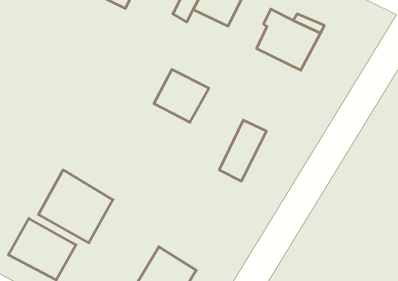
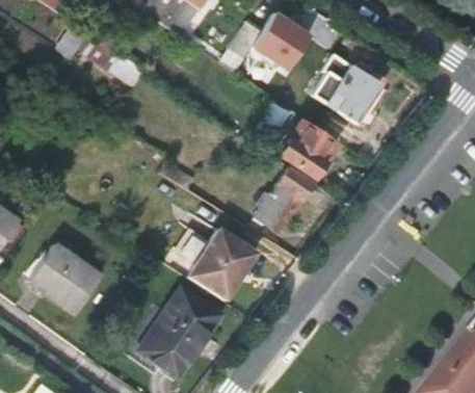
building: [154,70,209,122] -> [276,120,336,177]
building: [39,170,113,243] -> none
building: none -> [186,229,255,302]

